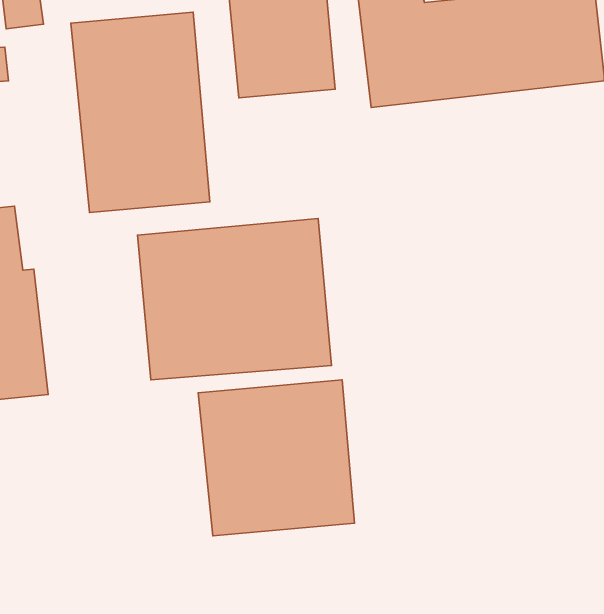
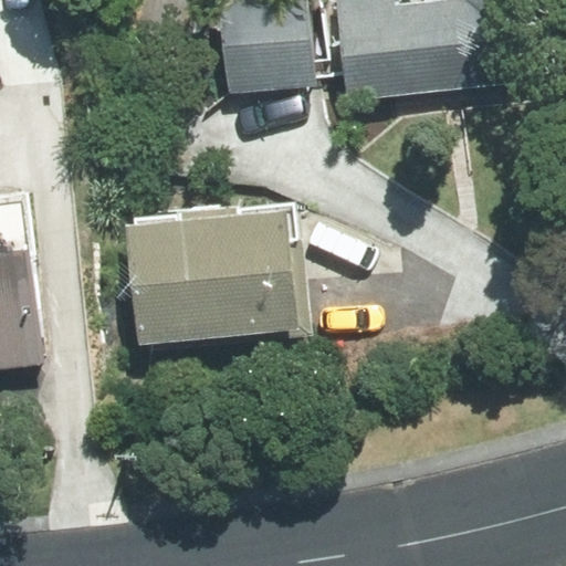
building: [71,12,210,213] -> none
building: [198,380,355,536] -> none

